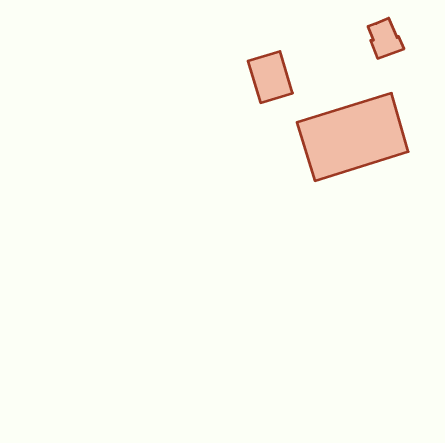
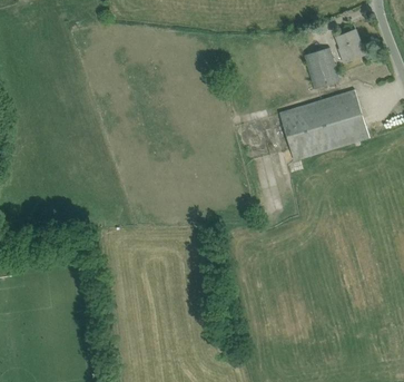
building: [248,51,293,103] -> [304,47,339,88]

